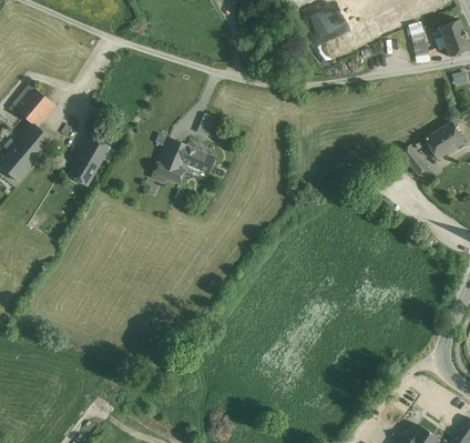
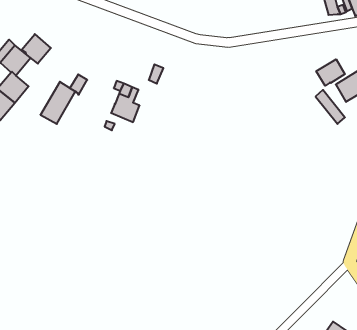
building: none -> [22,34,51,64]
building: none -> [316,59,345,86]
building: [180,145,215,173] -> none

